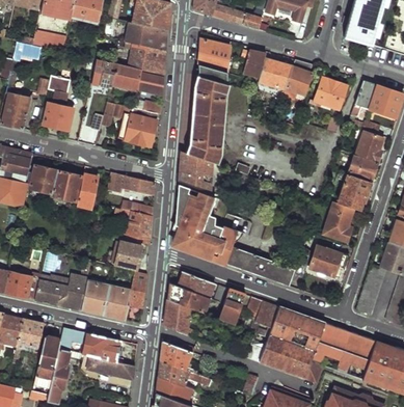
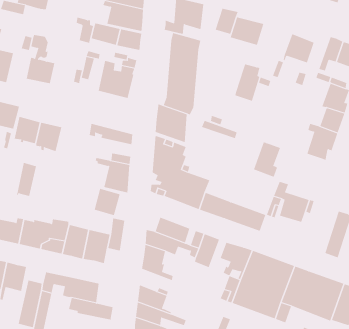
building: [286,60,313,100] -> [235,64,260,101]
building: [77,172,99,209] -> [16,162,37,197]
building: [324,202,353,240] -> [253,142,281,177]

